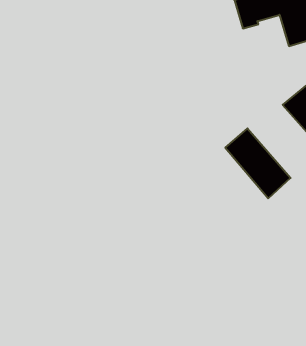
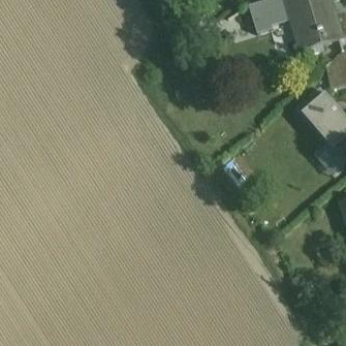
building: [225,128,291,198] -> none

